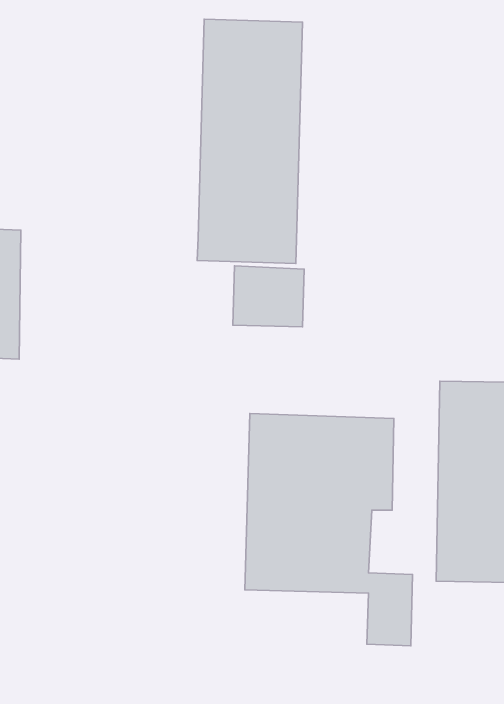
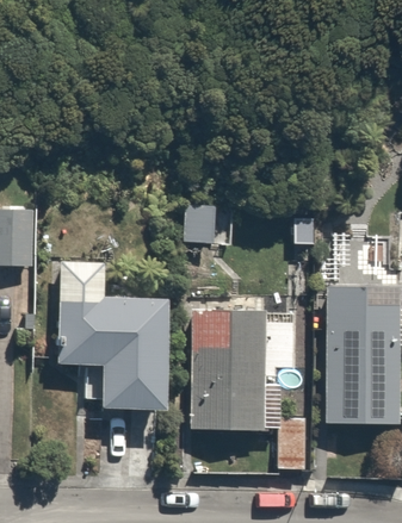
building: [197,19,303,263] -> none
building: none -> [54,261,169,412]

